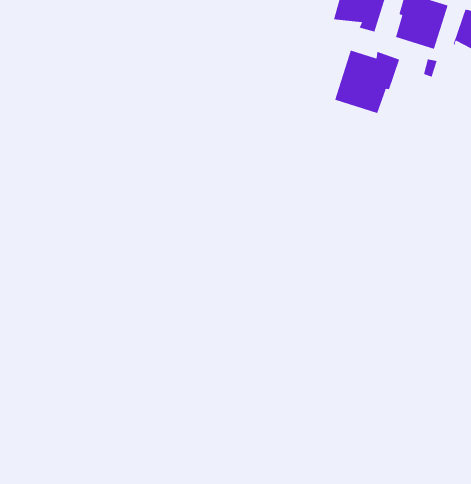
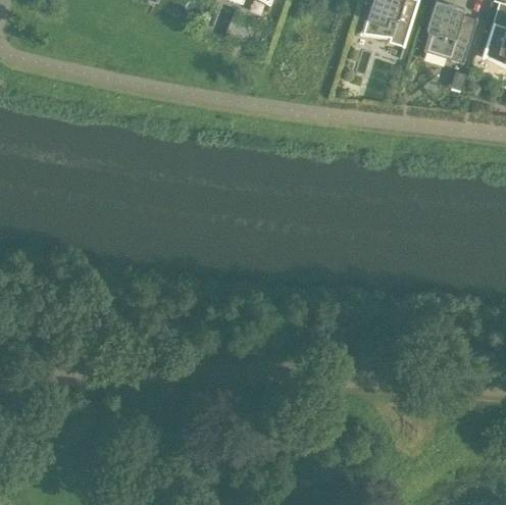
building: [334,48,400,114] -> none

